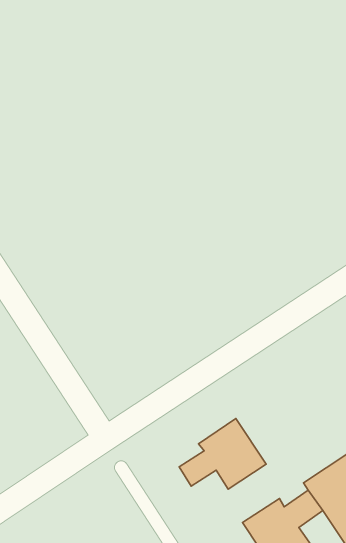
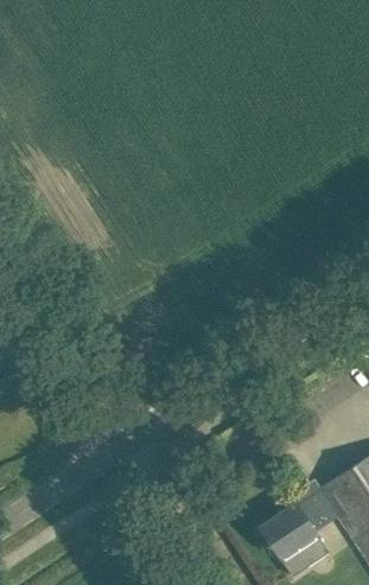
building: [179,418,266,489] -> none

